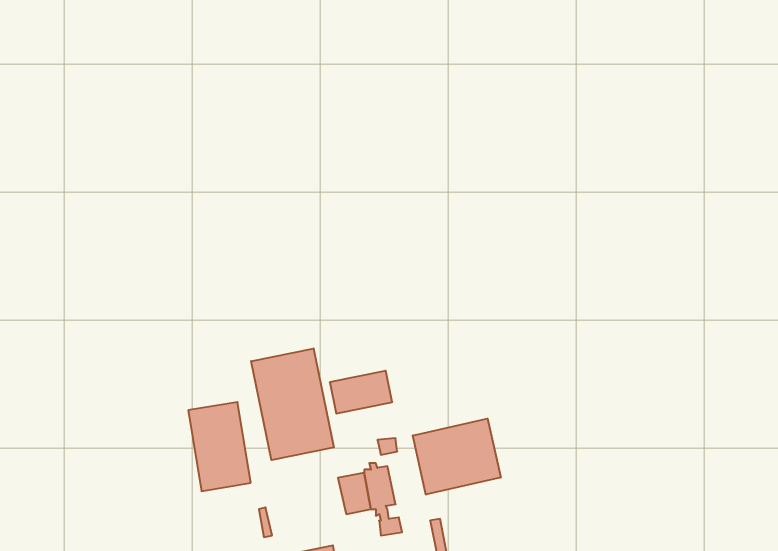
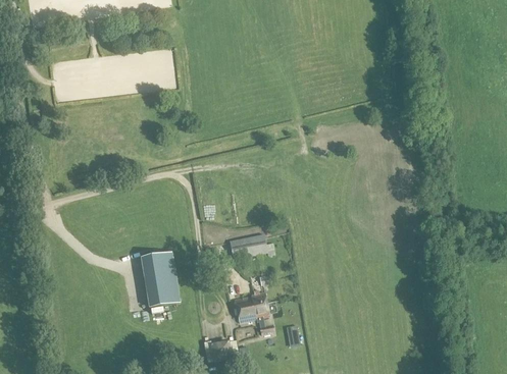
building: [251,348,334,460] -> none
building: [413,419,501,495] -> none

